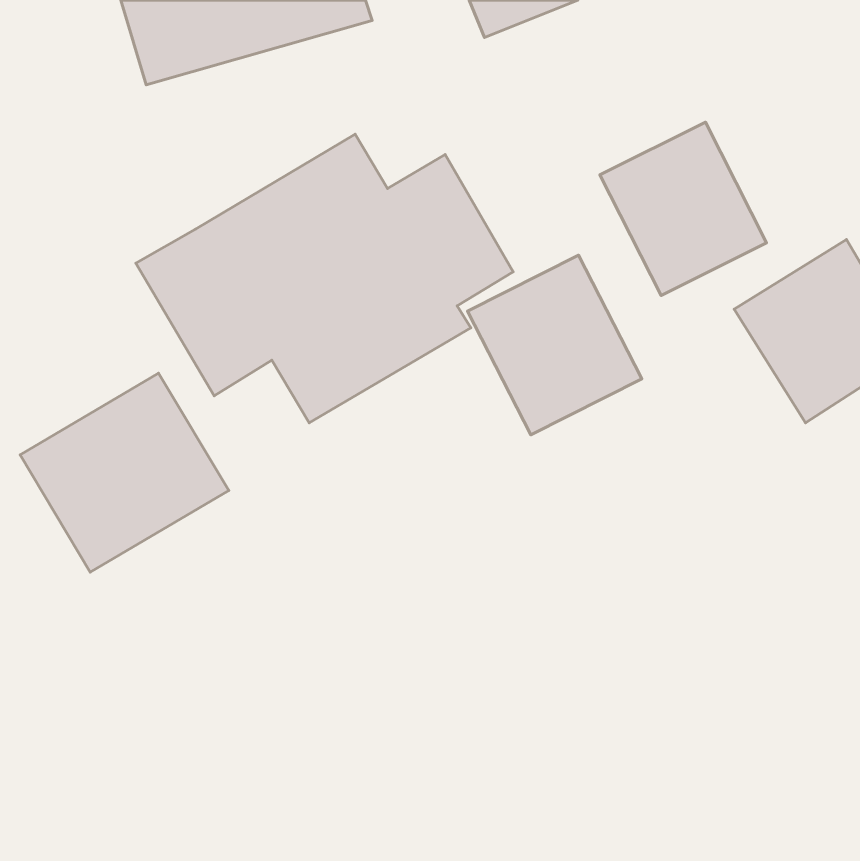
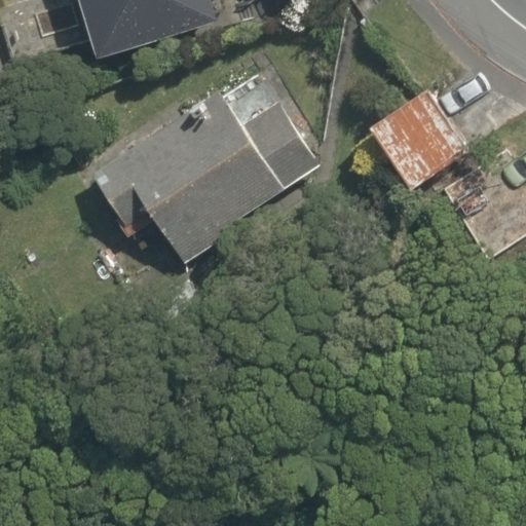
building: [468,255,642,435] -> none
building: [20,373,229,572] -> none

